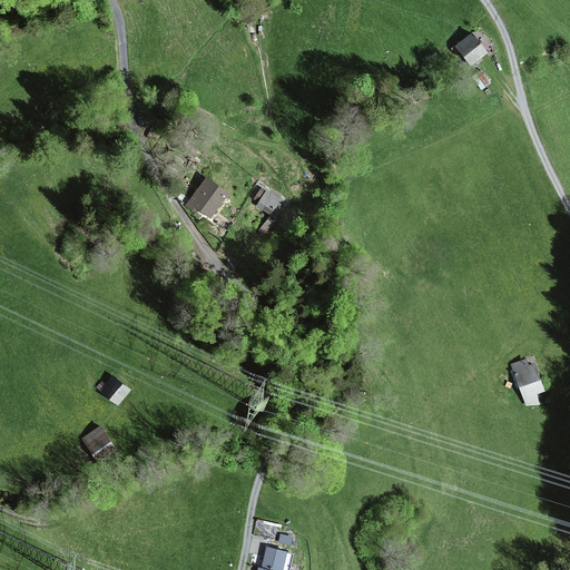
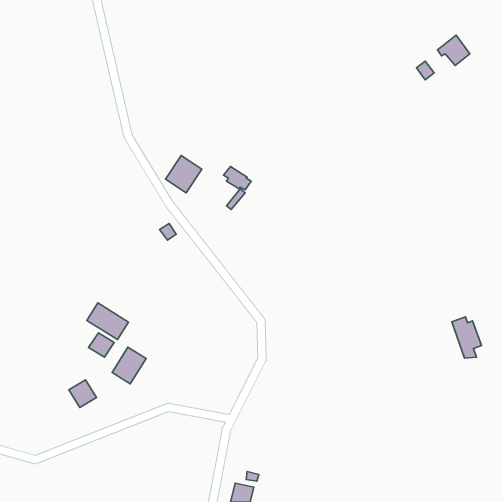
building: [451,31,488,66] -> [437,35,470,66]
building: none -> [87,303,129,340]
building: none -> [112,347,146,384]

